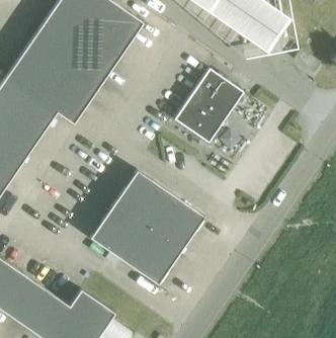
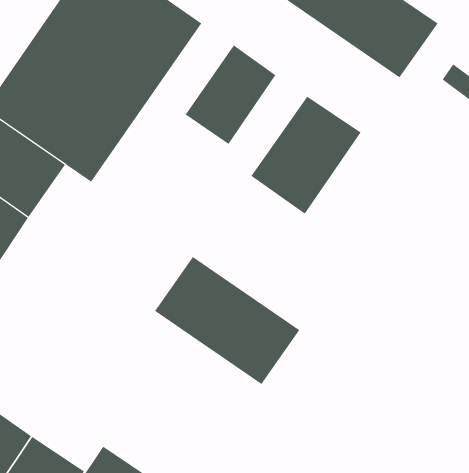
building: none -> [185,45,276,145]
building: [89,203,180,283] -> none

